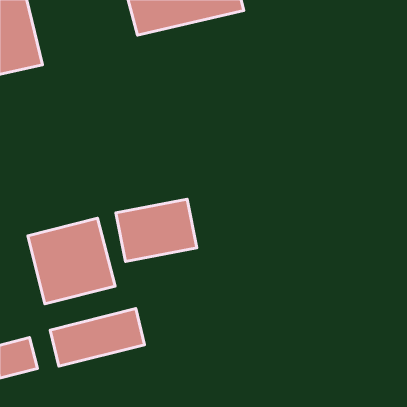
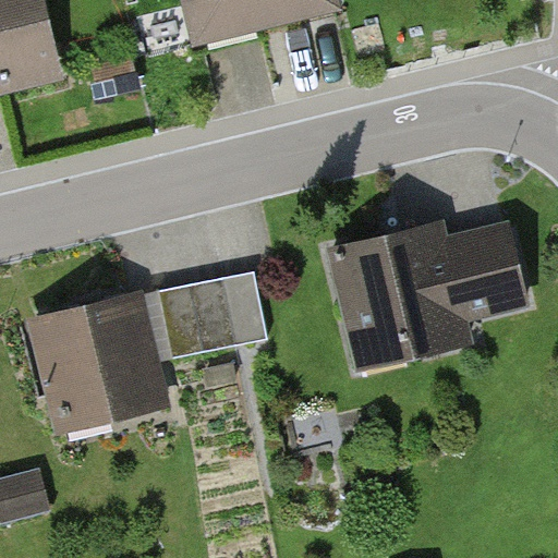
building: none -> [330,223,523,354]
building: [50,309,145,366] -> none

